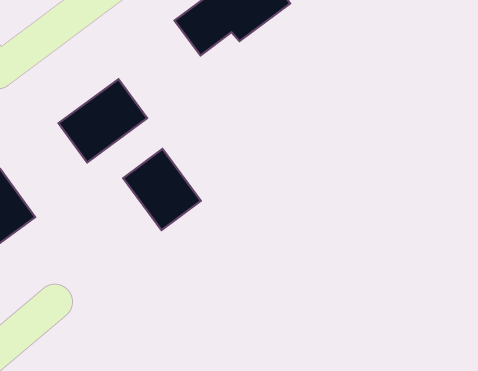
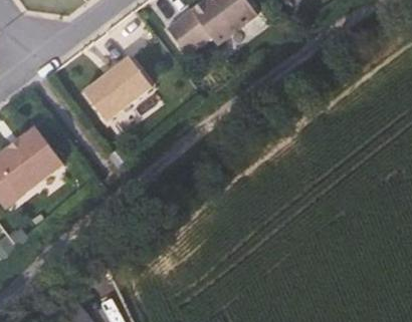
building: [123,149,201,230] -> none

